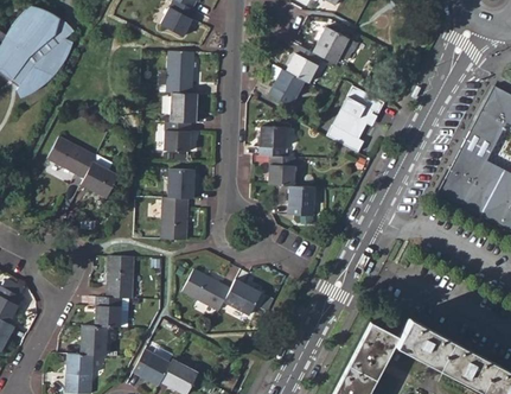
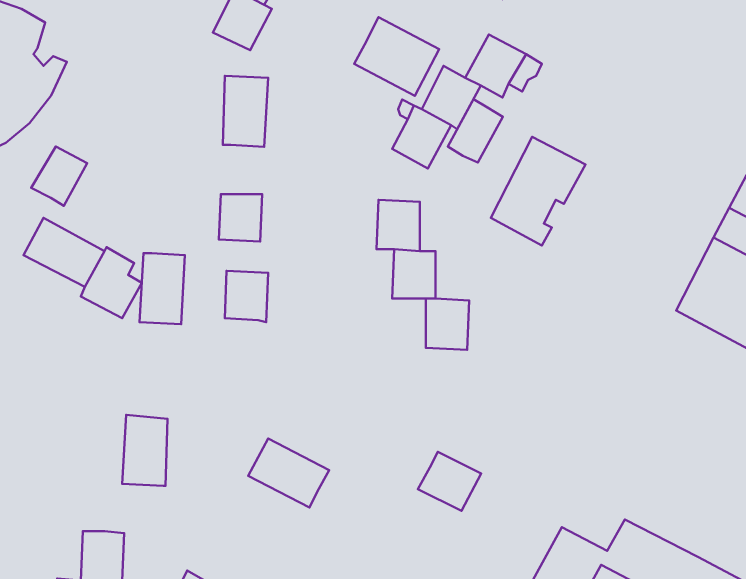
building: none -> [354,17,439,96]
building: none -> [448,99,503,163]
building: [171,91,197,122] -> none
building: none -> [31,146,87,206]
building: [161,196,189,239] -> [140,253,185,324]
building: [224,278,262,313] -> [418,452,481,511]
building: [96,296,132,326] -> none

